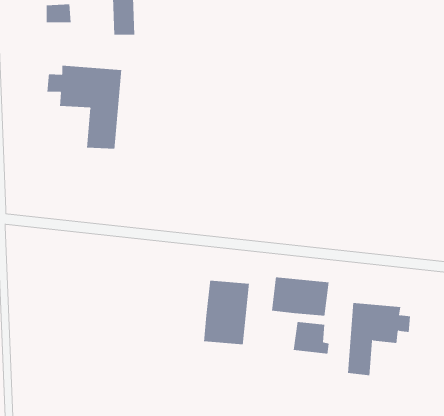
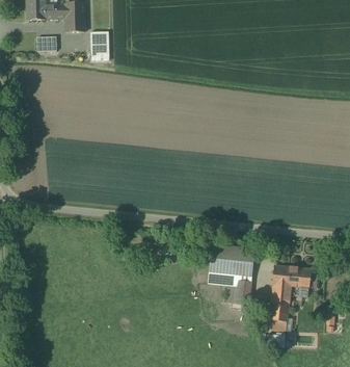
building: [47,65,122,150] -> none
building: [204,280,249,345] -> none

